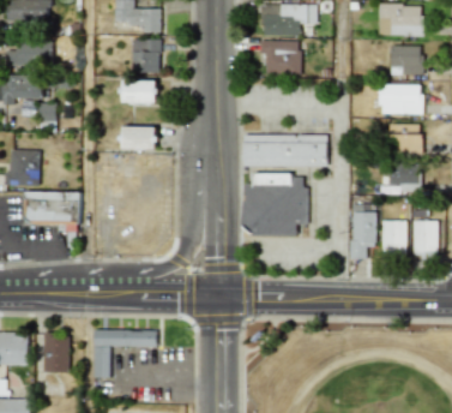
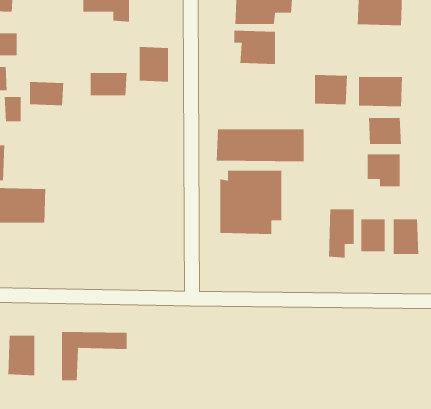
building: [131,38,159,73] -> [139,46,169,83]
building: [390,44,422,74] -> [314,74,348,105]
building: [121,126,155,150] -> [29,81,64,106]

